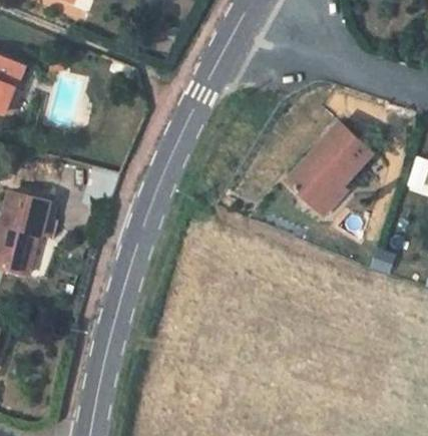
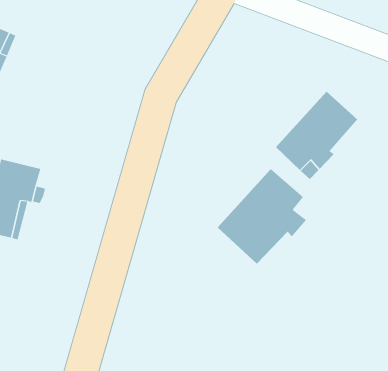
building: none -> [217,168,307,264]

